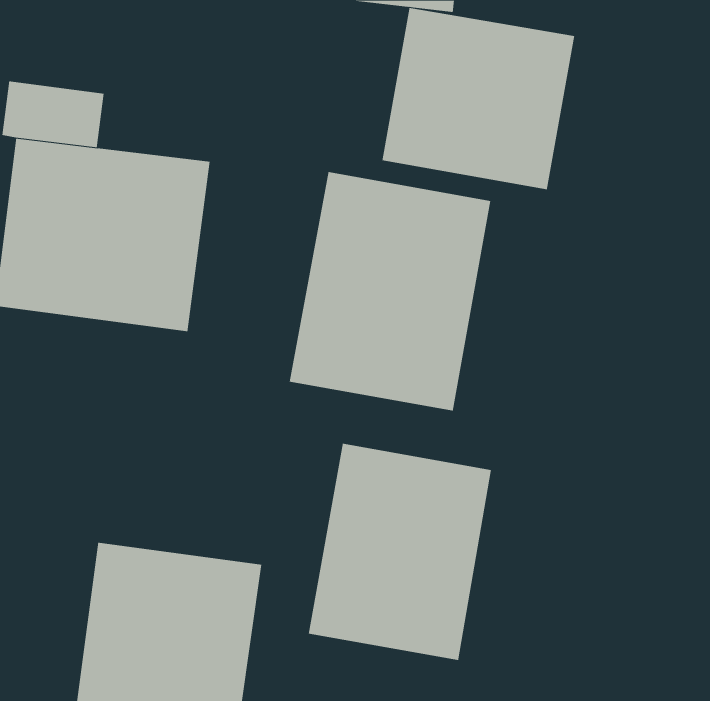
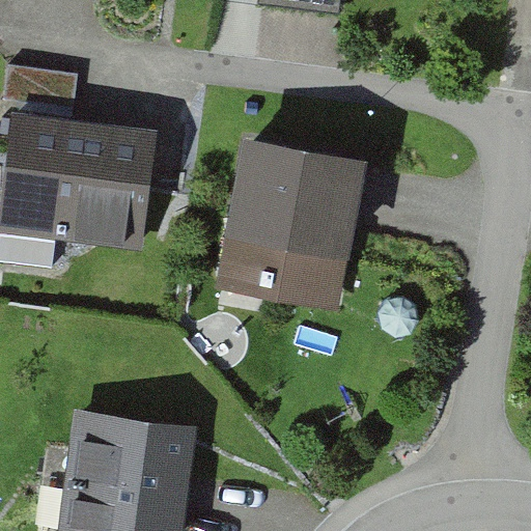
building: [382,7,575,190] -> none
building: [308,443,492,661] -> none

